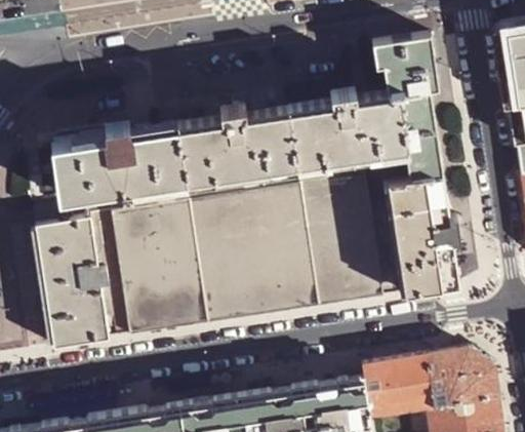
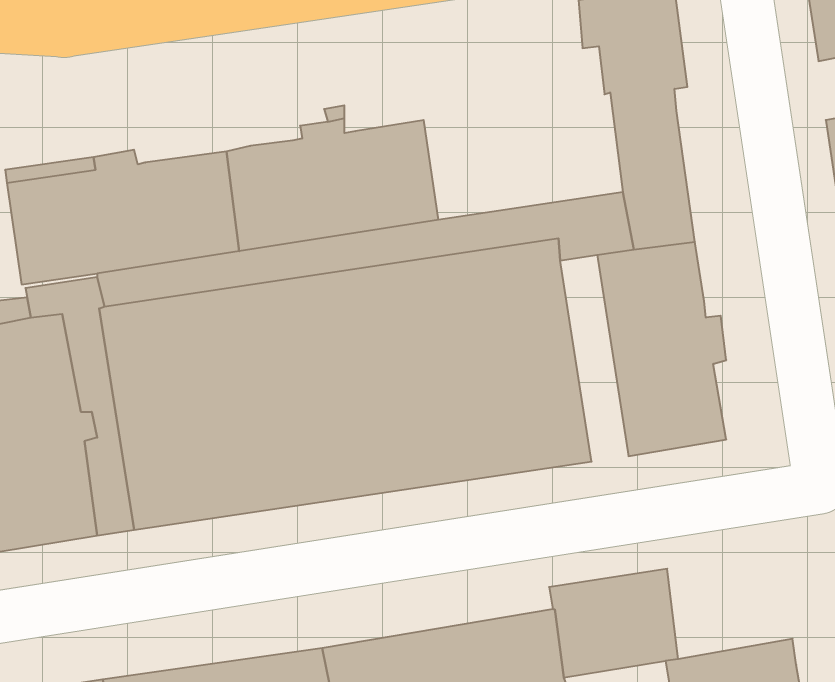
building: [289,89,400,161] -> none
building: [365,181,403,296] -> none
building: [425,349,494,405] -> none

